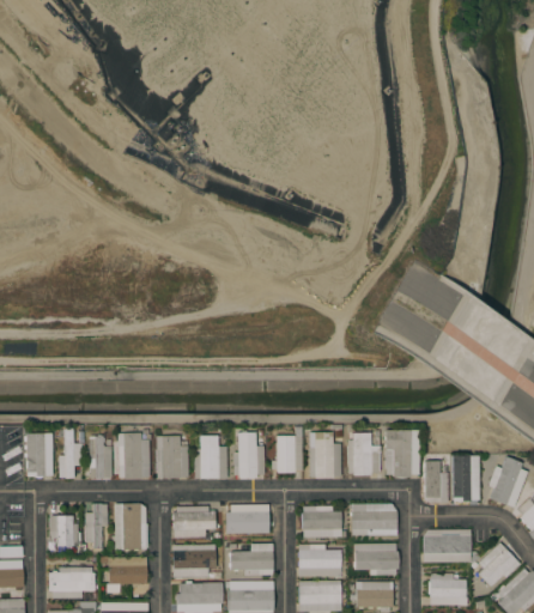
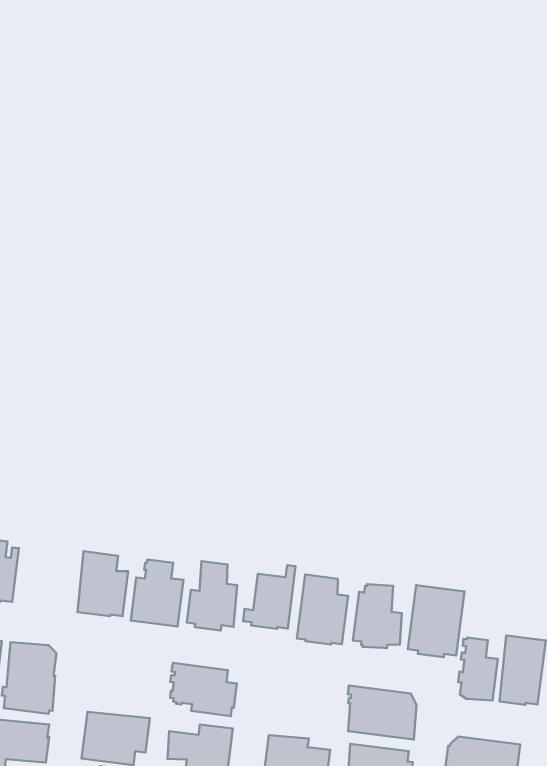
building: [117,432,150,479] -> none
building: [172,505,216,538] -> none
building: [301,505,346,538] -> none

